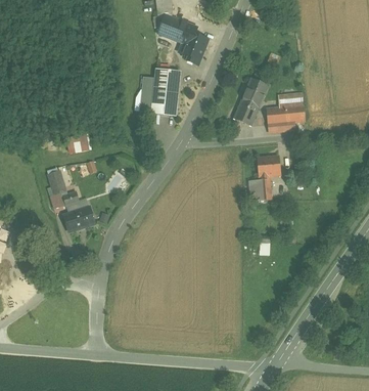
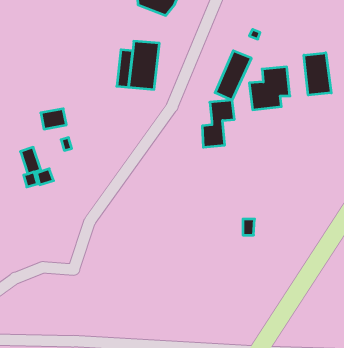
building: [181,34,206,62] -> none
building: none -> [304,53,331,95]
building: [249,156,280,201] -> [202,100,234,147]
building: [63,207,94,231] -> none

